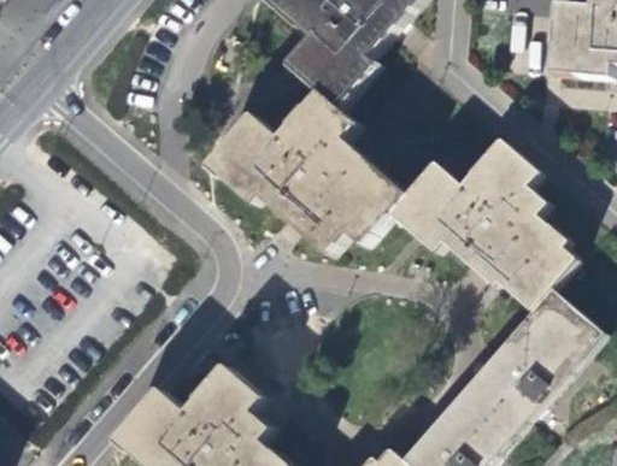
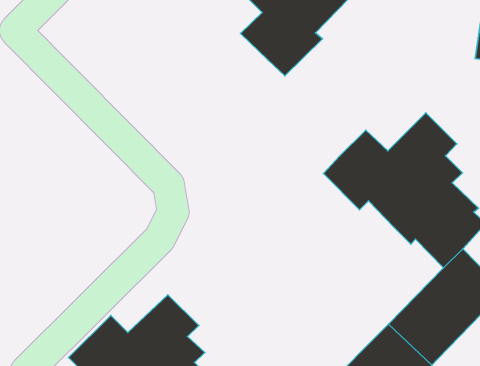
building: [207,90,406,256] -> none

